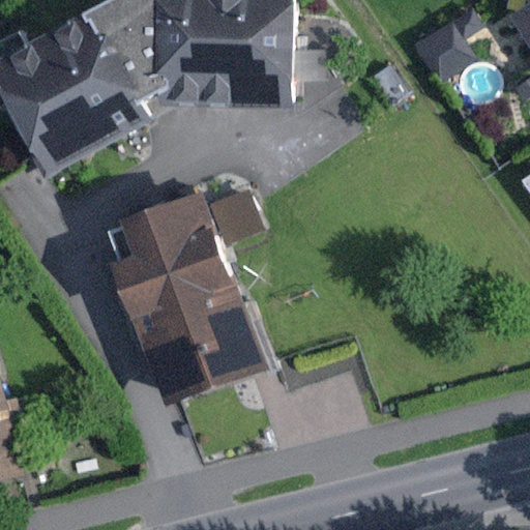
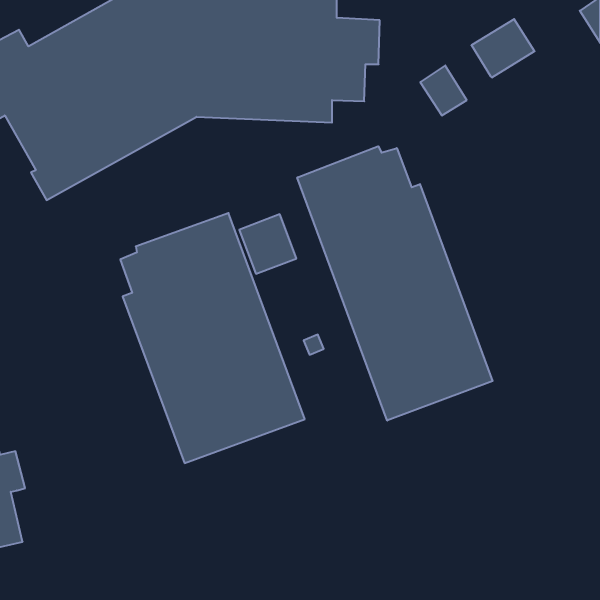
building: none -> [297,146,493,421]

